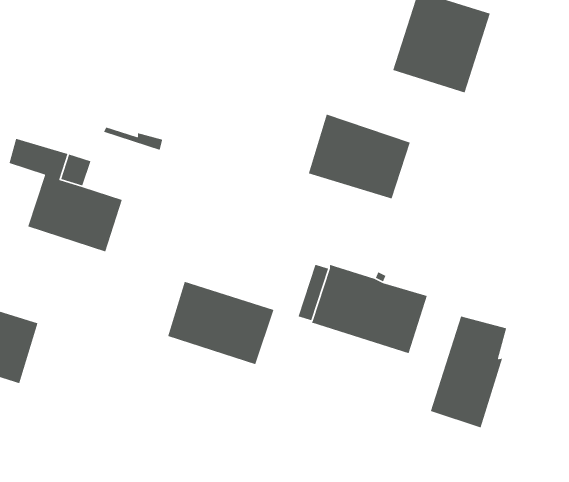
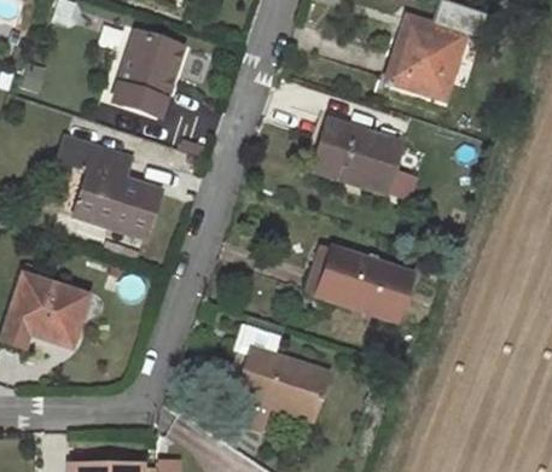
building: none -> [111,29,187,120]
building: [167,281,274,365] -> [236,348,326,419]
building: [430,315,507,428] -> none

